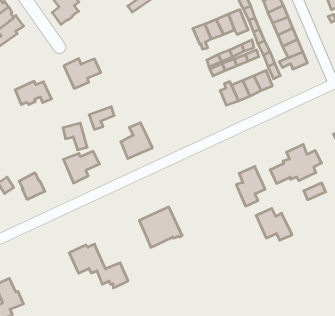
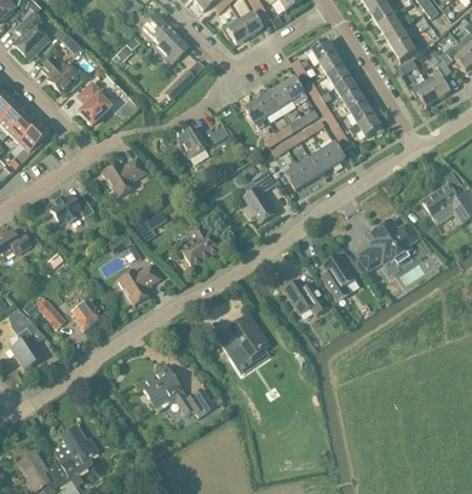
building: none -> [177,124,218,156]
building: none -> [243,168,276,221]
building: [256,208,292,240] -> [283,278,328,313]

